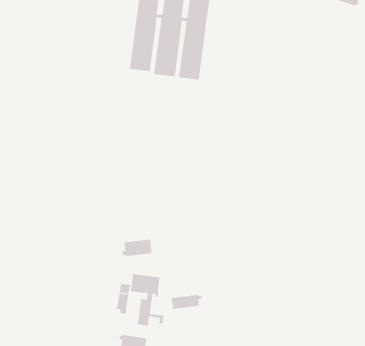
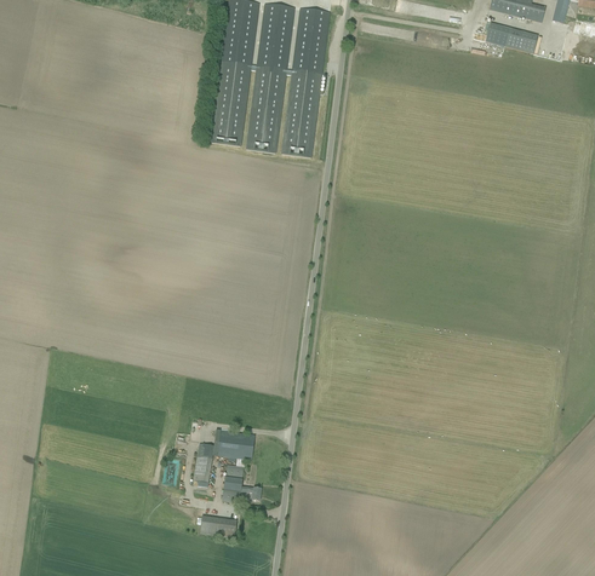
building: [122,239,152,257] -> none
building: [171,294,202,310] -> none

